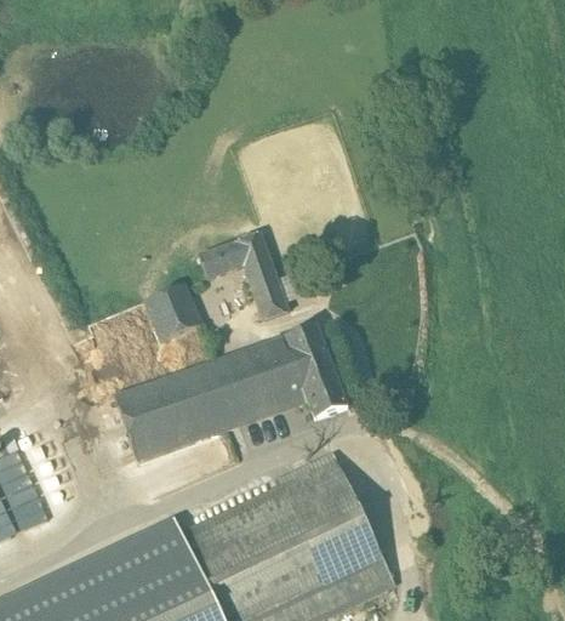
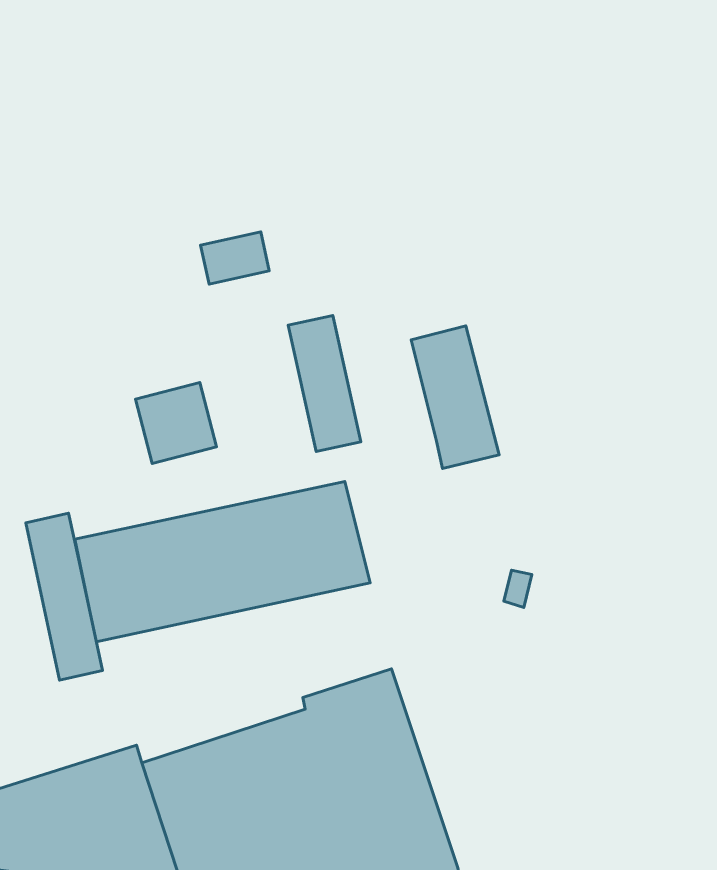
building: [195,243,241,280] -> [201,232,269,284]
building: [281,325,347,418] -> [411,326,499,469]
building: none -> [26,513,102,680]

